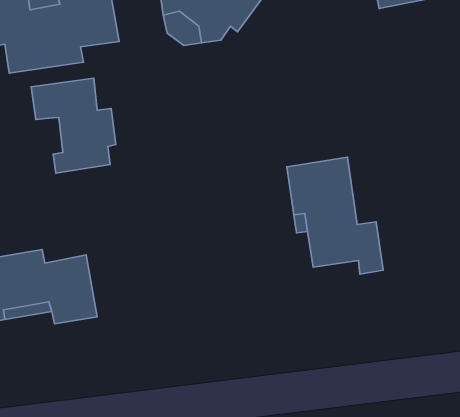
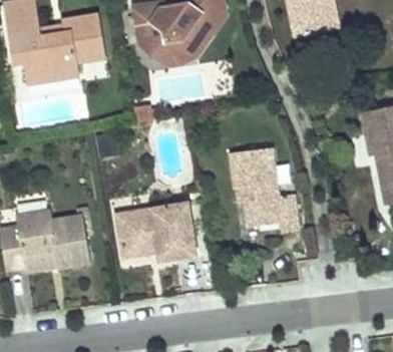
building: [31,78,116,173] -> none
building: none -> [116,201,195,261]

